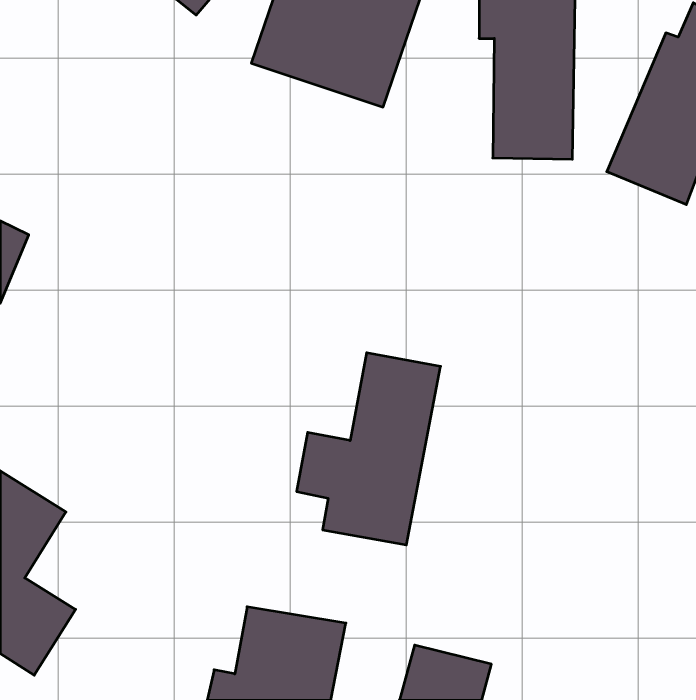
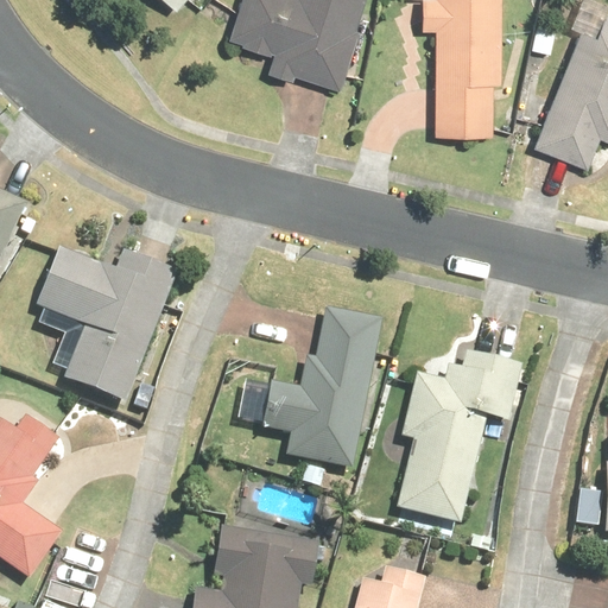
building: none -> [34,235,180,404]
building: none -> [394,344,525,524]

